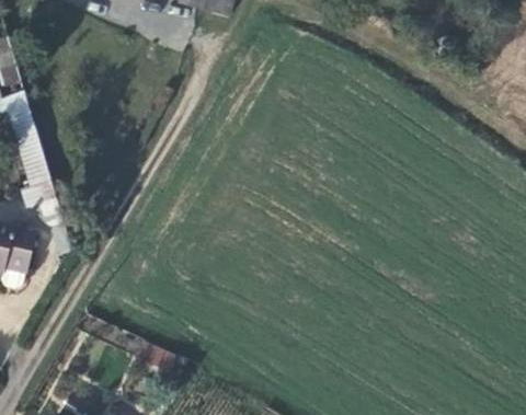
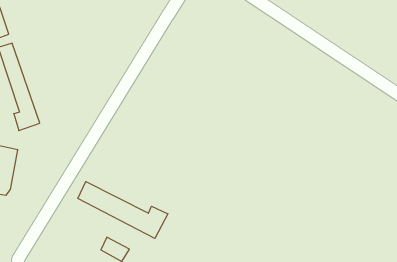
building: none -> [78,182,168,238]

